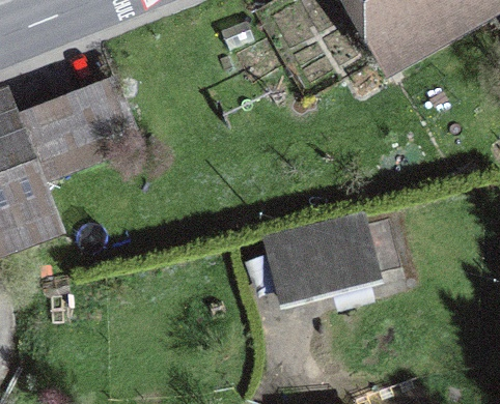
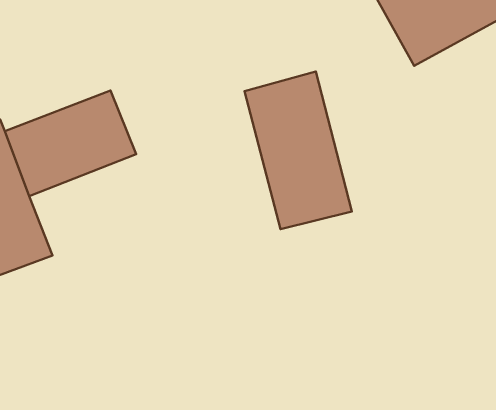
building: none -> [244,72,352,229]
building: [267,222,373,298] -> none

